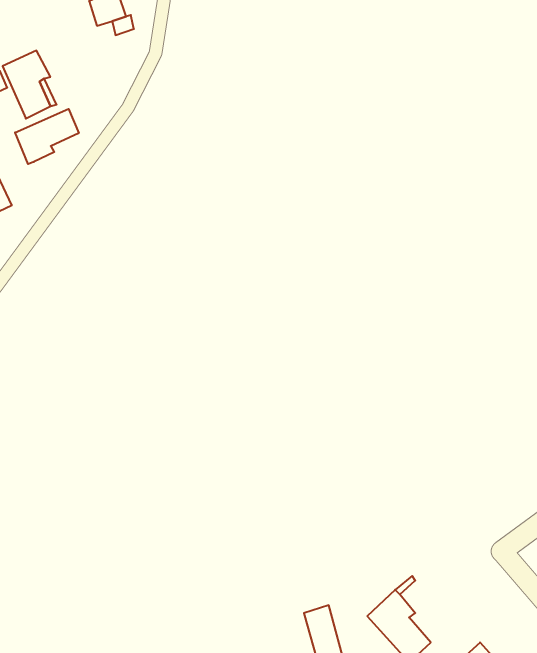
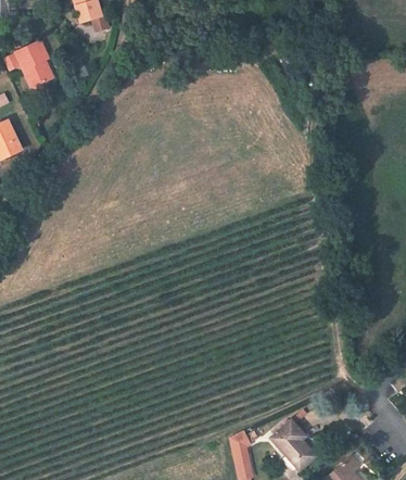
building: [15,109,79,164] -> none

